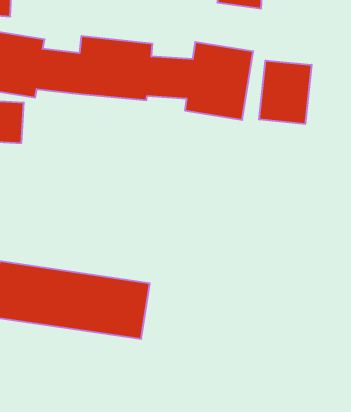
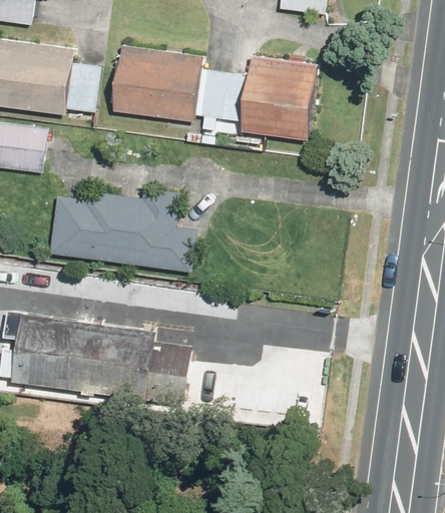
building: [259,60,312,124] -> none
building: none -> [44,188,194,274]

